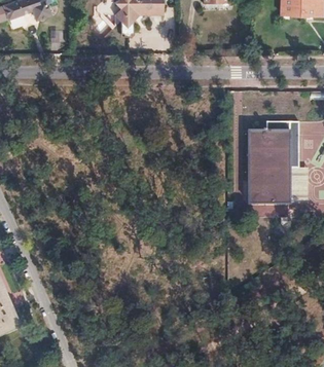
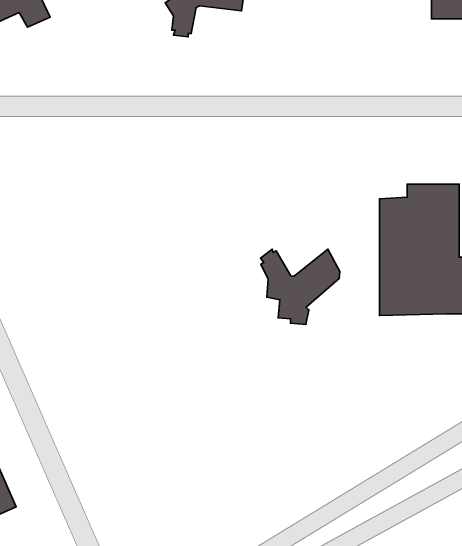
building: none -> [260,249,340,324]

